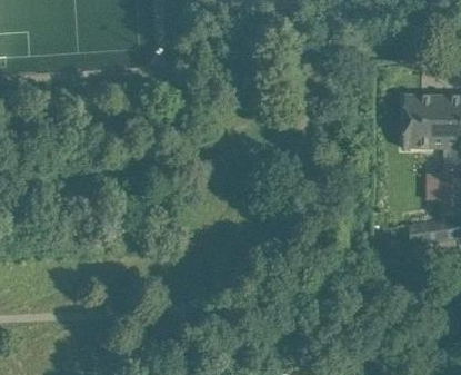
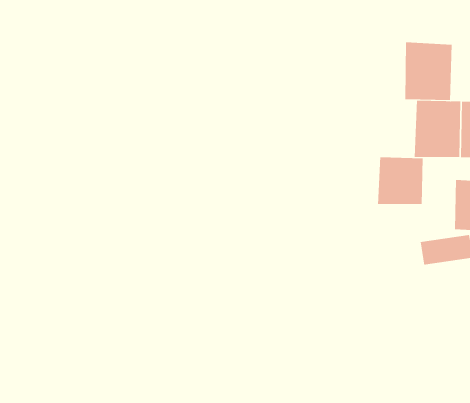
building: none -> [405,42,452,101]
building: none -> [378,156,423,205]

